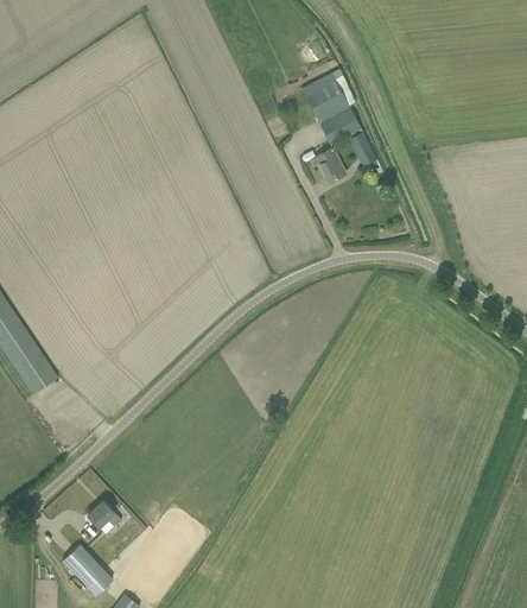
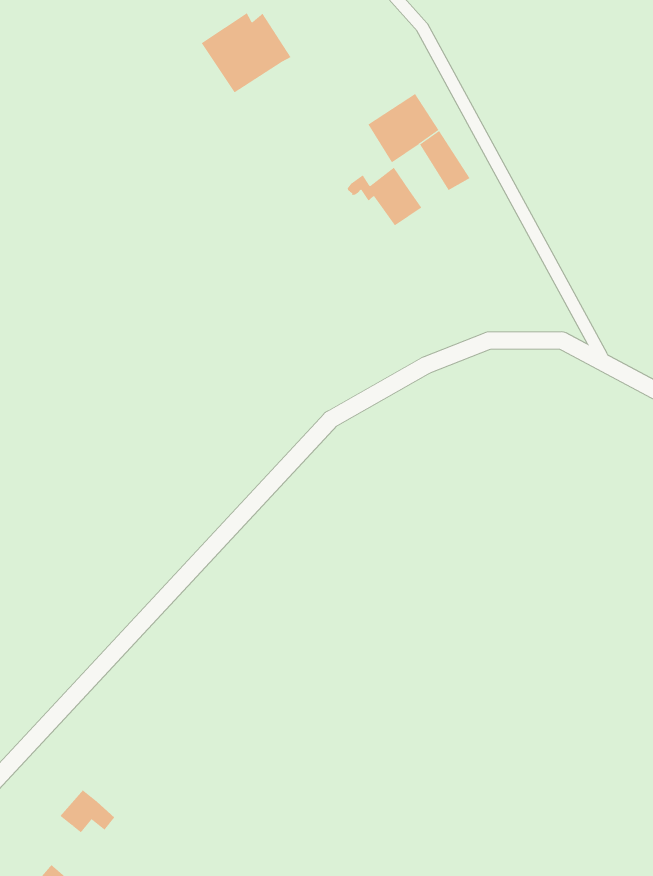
building: [303,74,356,121] -> [201,12,292,93]

